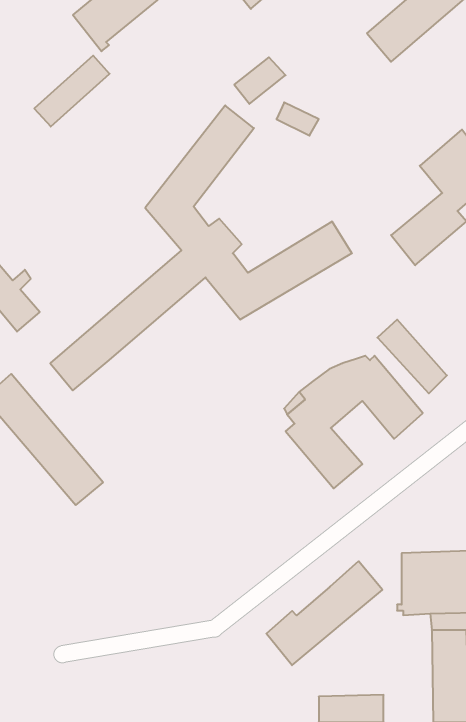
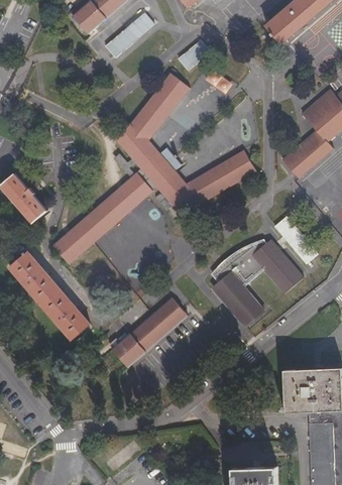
building: [34,56,110,127] -> [104,12,154,59]
building: [266,561,382,665] -> [109,296,187,366]

